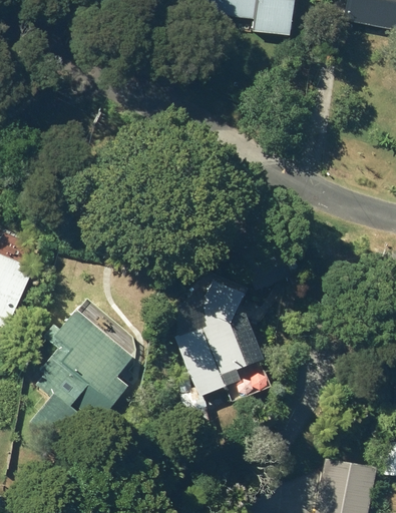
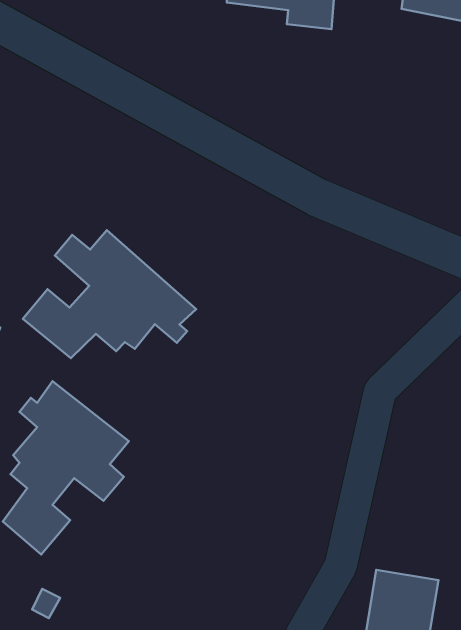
building: none -> [23,230,196,358]
building: [177,282,248,395] -> none

